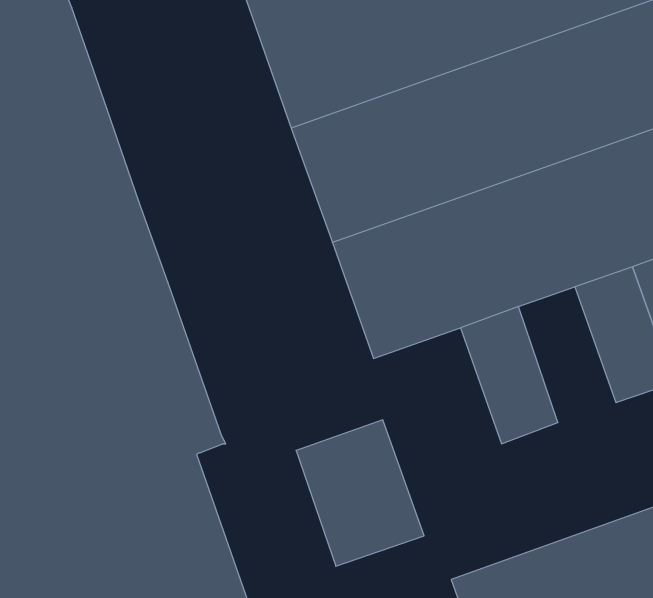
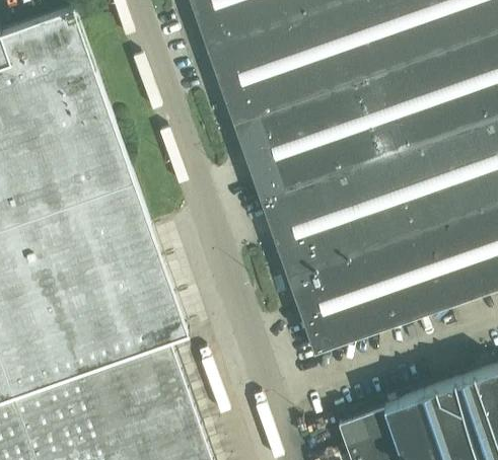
building: none -> [383,229,448,319]
building: [296,420,424,566] -> [287,256,372,354]

